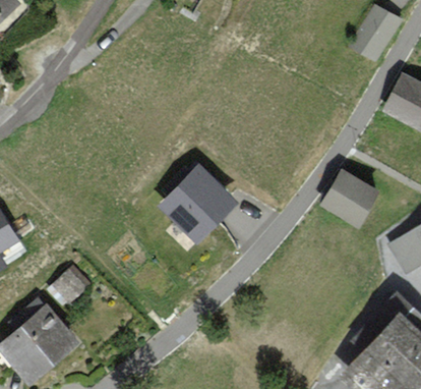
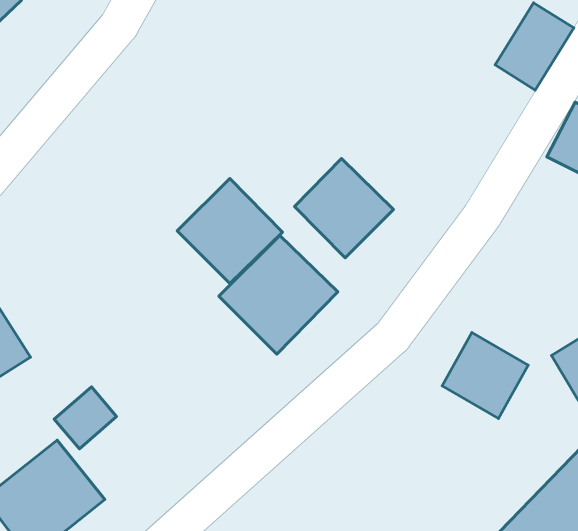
building: none -> [294,158,393,258]
building: none -> [177,178,282,284]
building: [321,169,380,228] -> [442,333,528,419]

